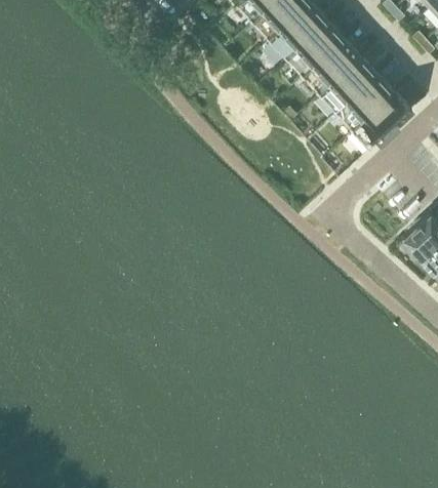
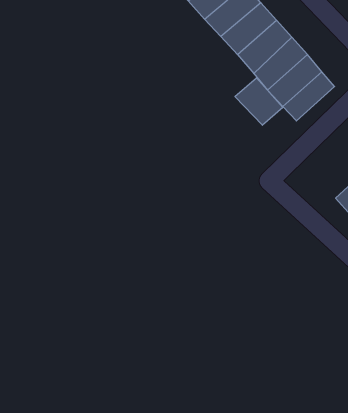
building: none -> [235,78,283,125]

